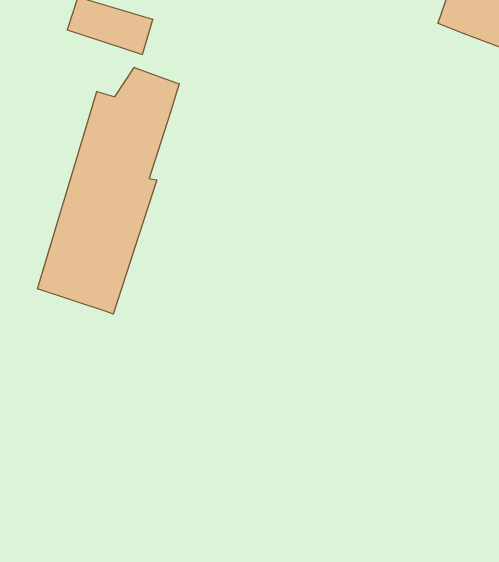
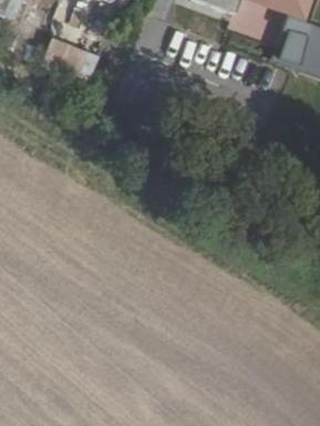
building: [38,67,179,314] -> none

